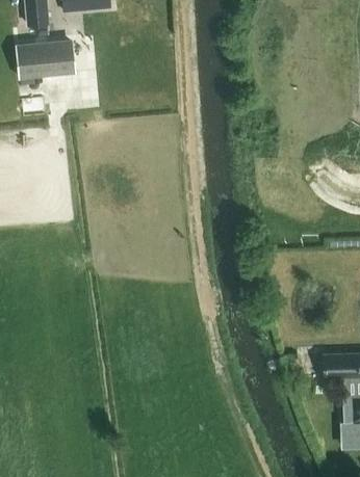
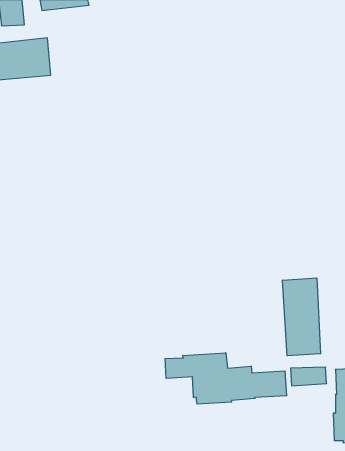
building: none -> [283,278,321,356]
building: none -> [165,353,287,404]

